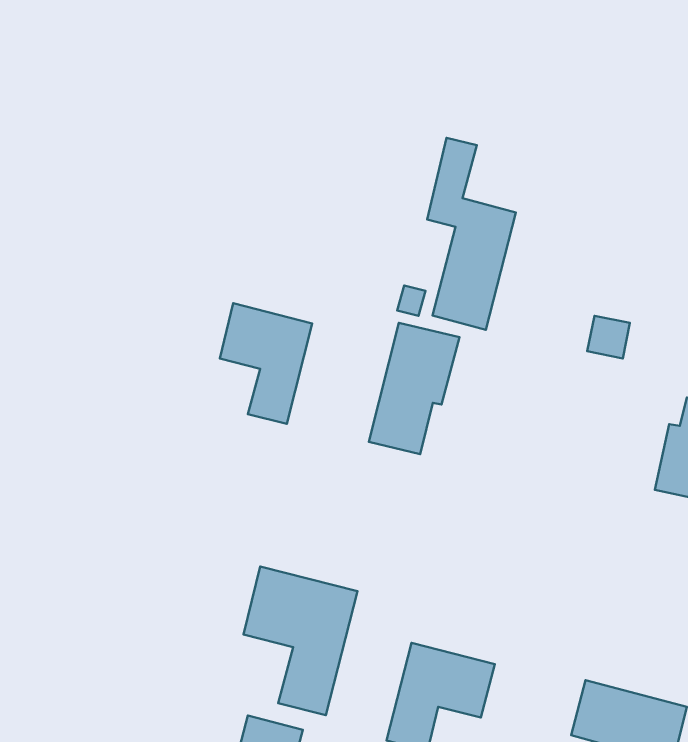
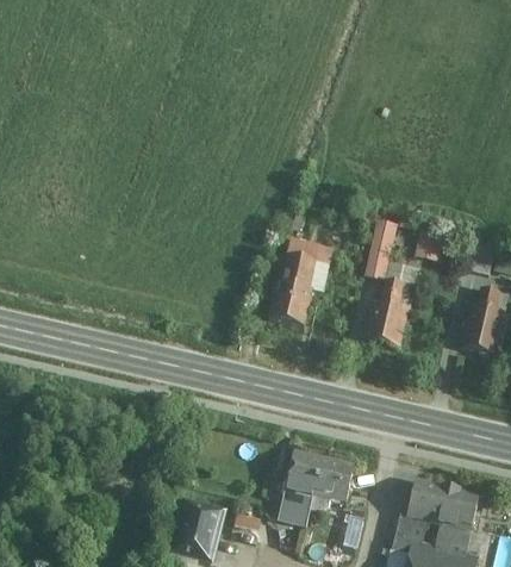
building: [427,138,516,330] -> [361,220,420,349]
building: [220,303,312,424] -> none
building: [244,566,358,715] -> none

